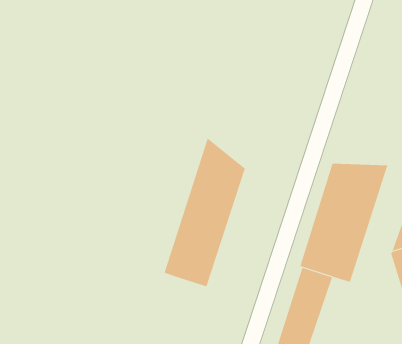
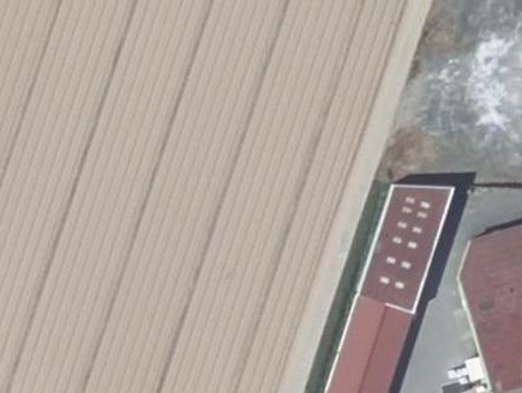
building: [164,138,246,287] -> none

